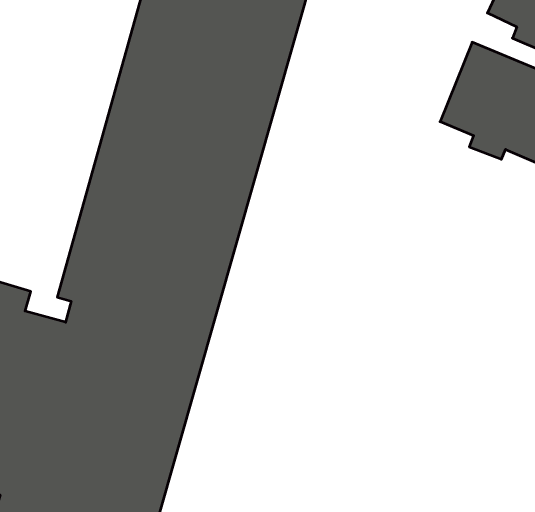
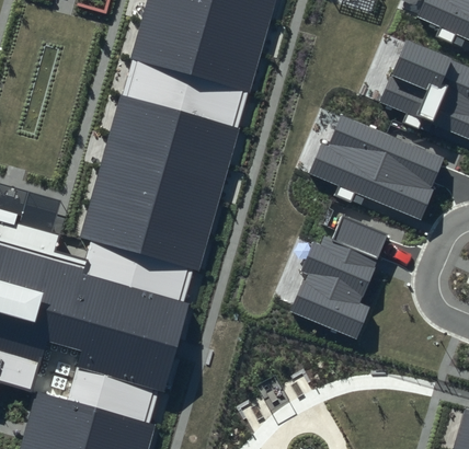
building: none -> [309,115,444,220]
building: none -> [291,218,393,348]

